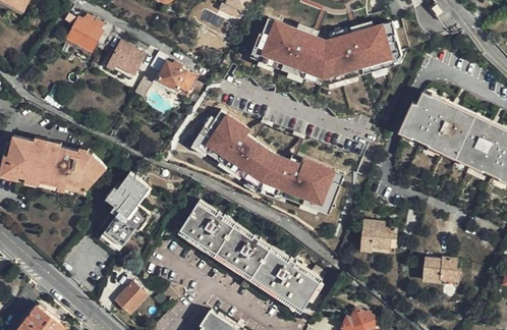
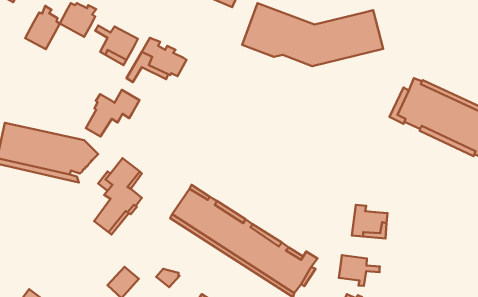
building: none -> [25,6,60,49]
building: none -> [86,90,139,136]
building: [190,114,335,201] -> none
building: [422,258,459,283] -> none
building: none -> [339,255,380,286]

